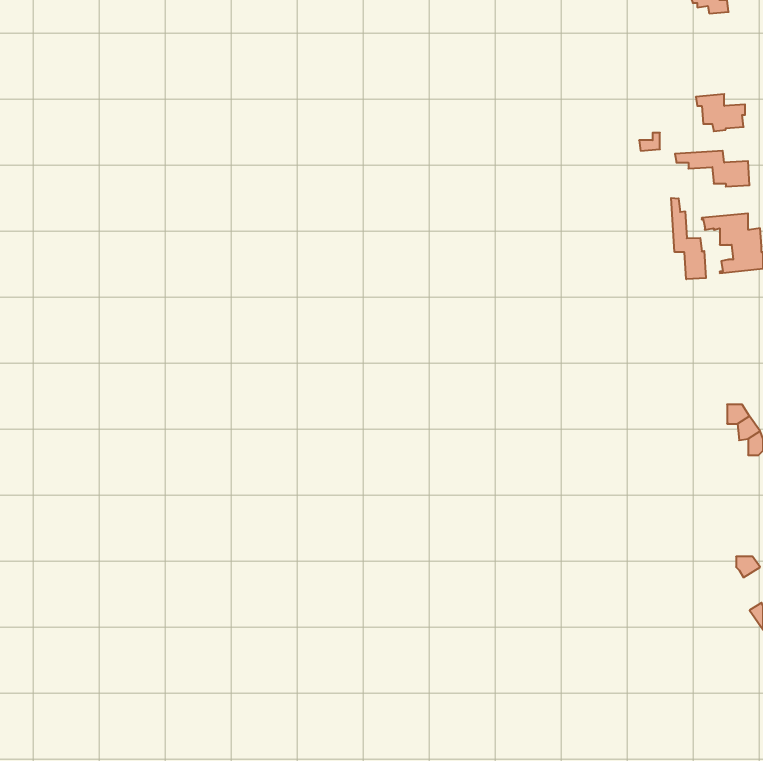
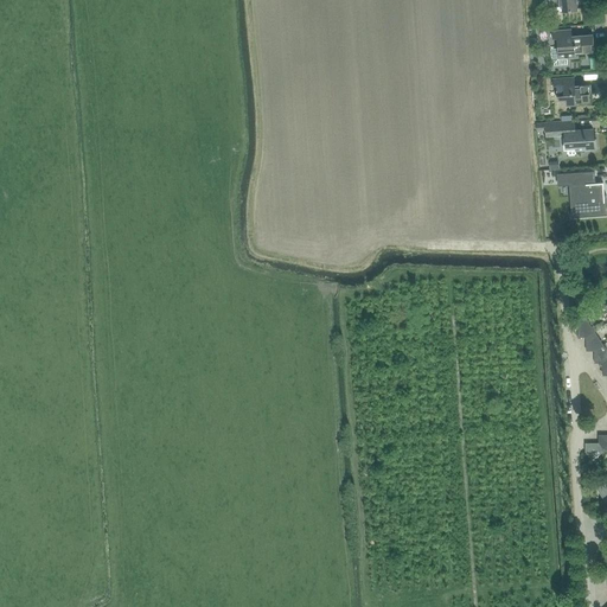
building: none -> [550,27,594,65]
building: [671,198,706,279] -> none

